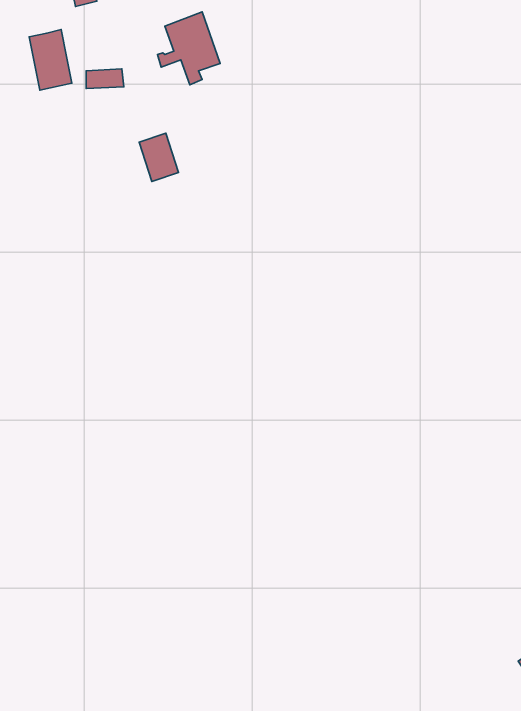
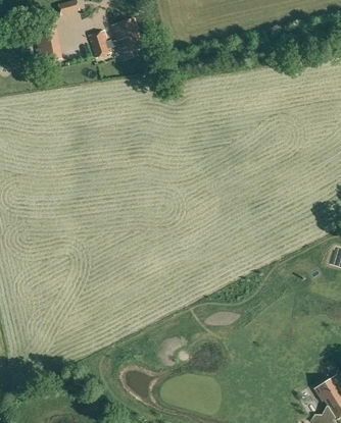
building: [139,133,178,181] -> [88,31,110,58]

